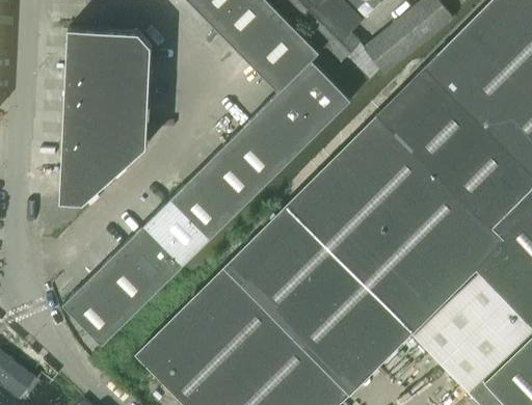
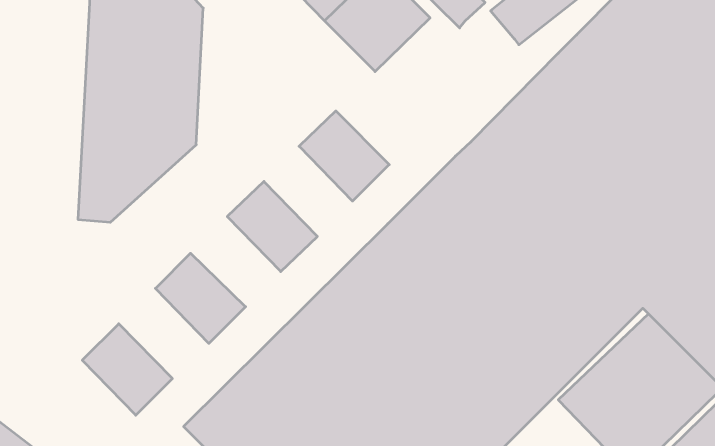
building: [249,53,351,161] -> none
building: [196,147,262,214] -> none
building: [142,199,209,266] -> none
building: [89,252,156,319] -> none

